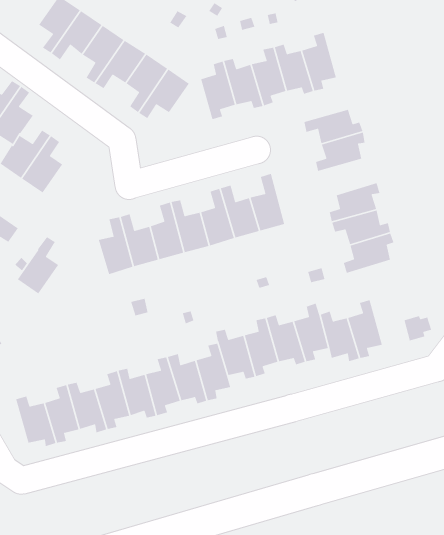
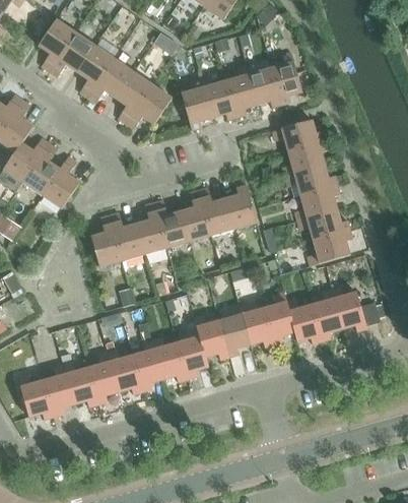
building: none -> [284,165,337,196]
building: [17,236,59,295] -> [42,156,79,208]
building: none -> [331,287,366,331]

